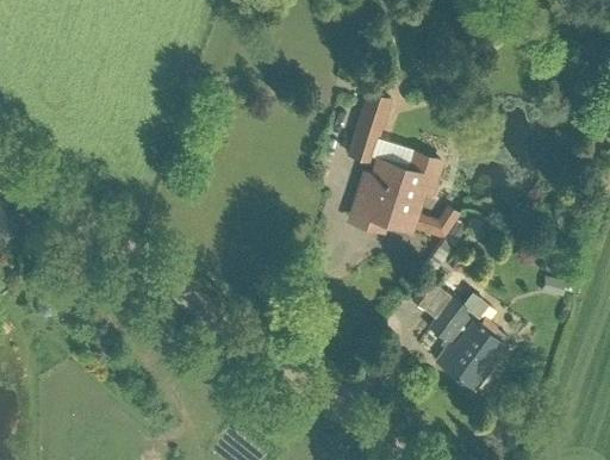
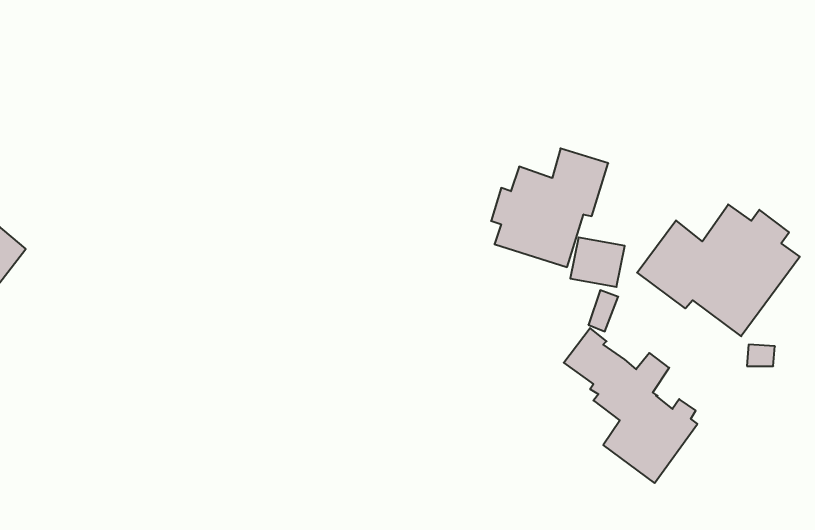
building: [346,97,391,164] -> none
building: none -> [637,204,800,336]

